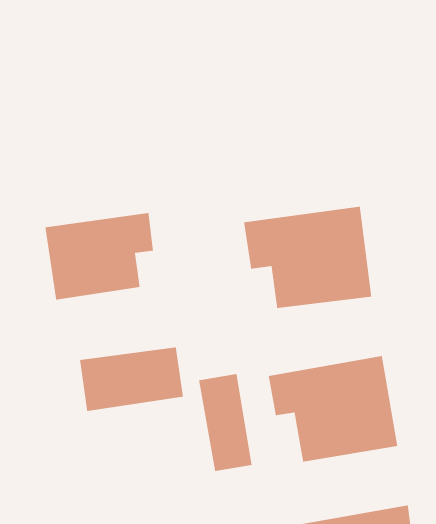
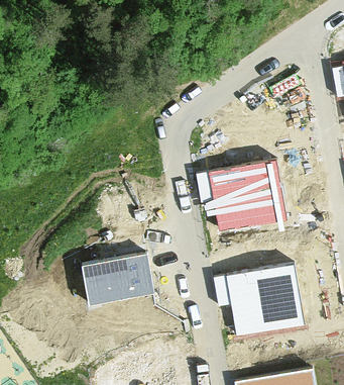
building: [45,212,154,300] -> none
building: [198,373,252,472] -> none

